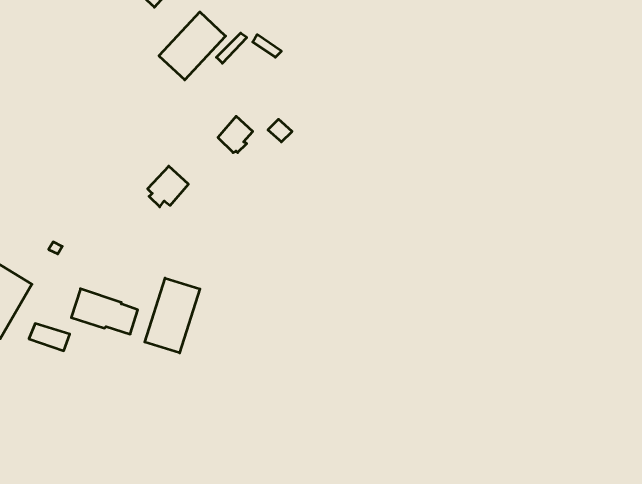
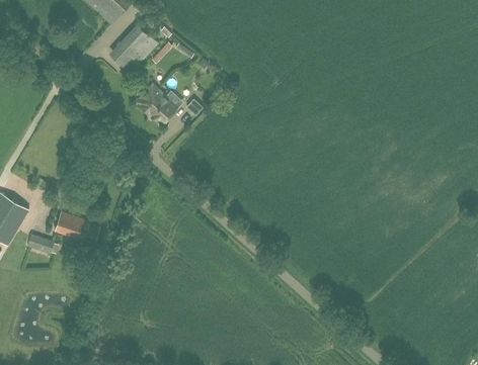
building: [148,166,188,207] -> [138,84,165,111]
building: [145,278,200,353] -> none

